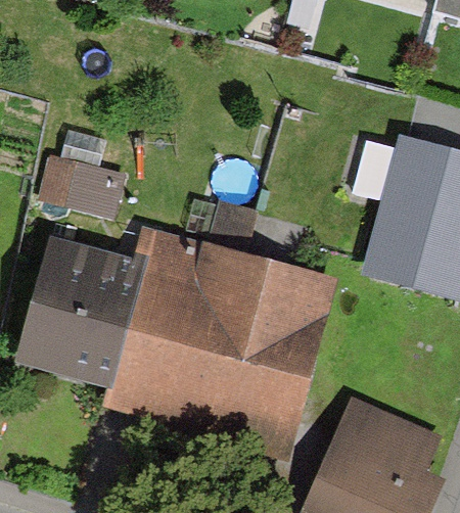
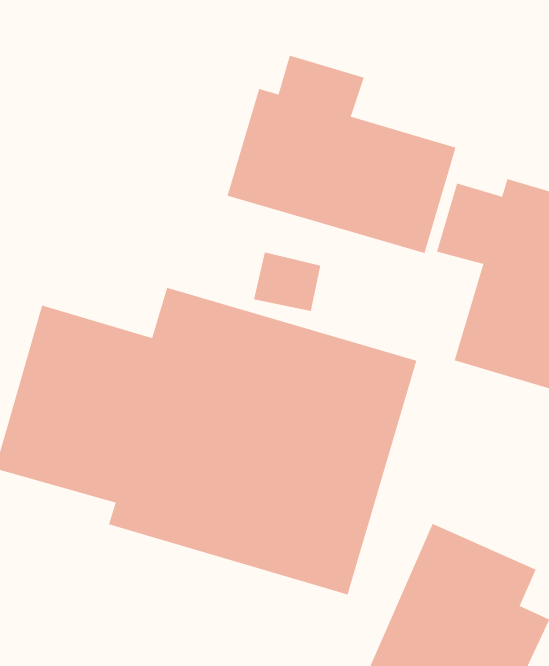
building: none -> [227,55,456,254]
building: [39,151,128,219] -> none

